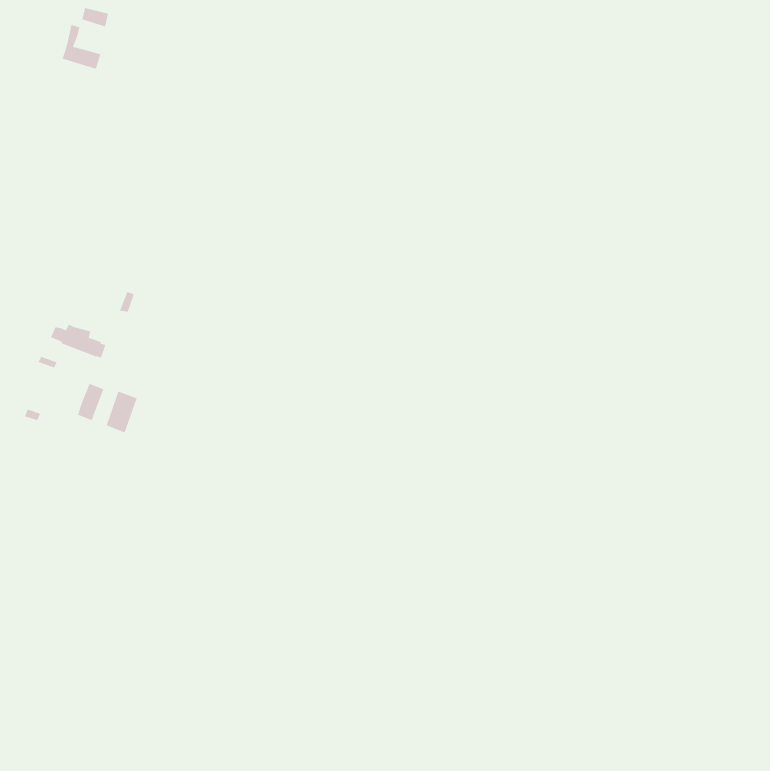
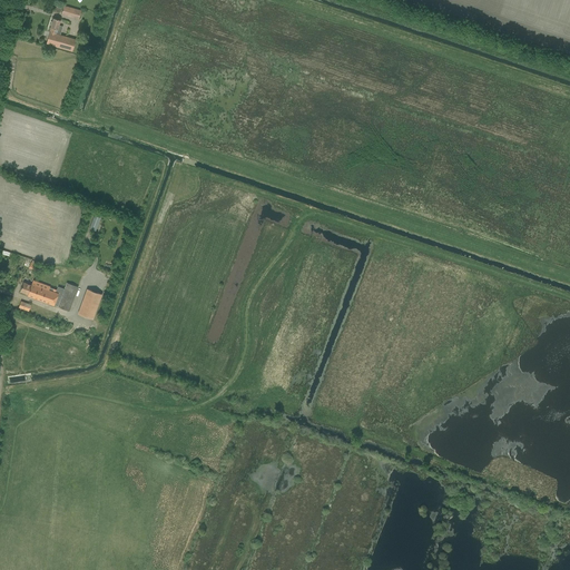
building: [50,324,106,358] -> [19,281,60,306]

